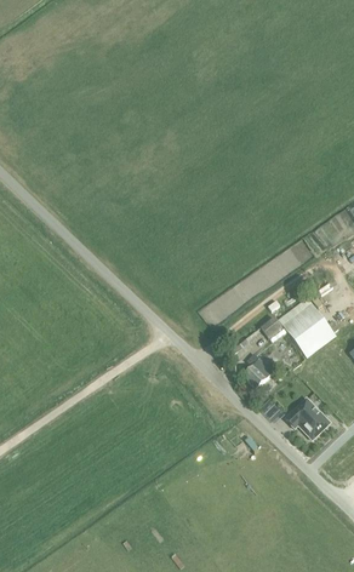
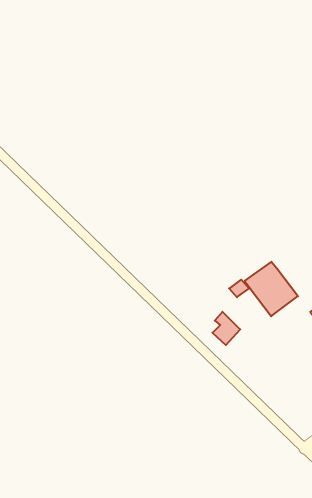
building: [284,397,329,437] -> none

